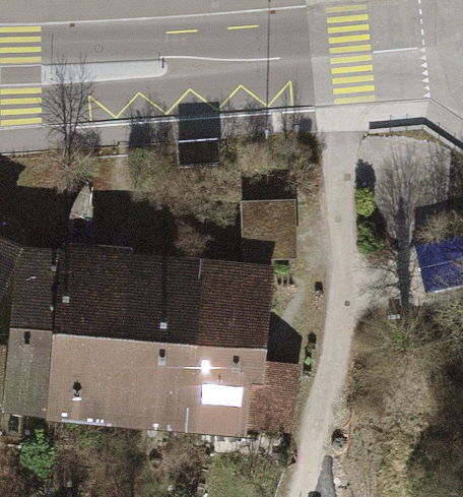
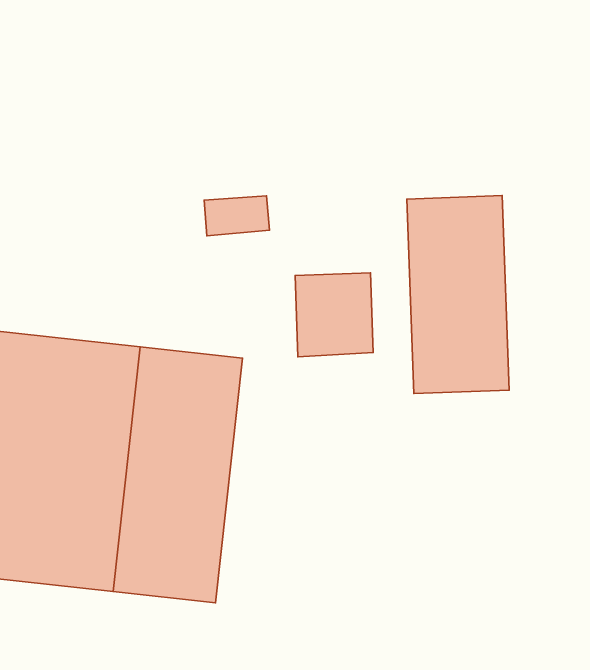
building: none -> [407,196,509,394]
building: [180,257,296,440] -> none

